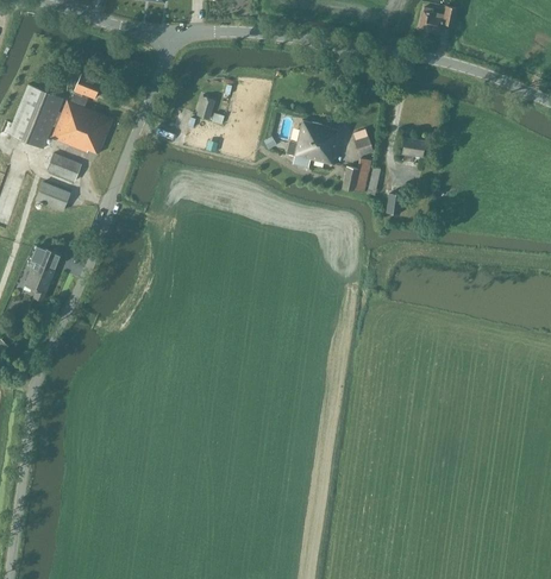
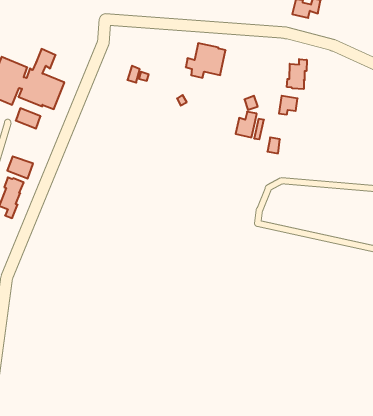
building: none -> [287,59,307,89]
building: [287,120,340,166] -> [186,43,226,78]
building: [36,182,70,212] -> [7,156,33,179]

